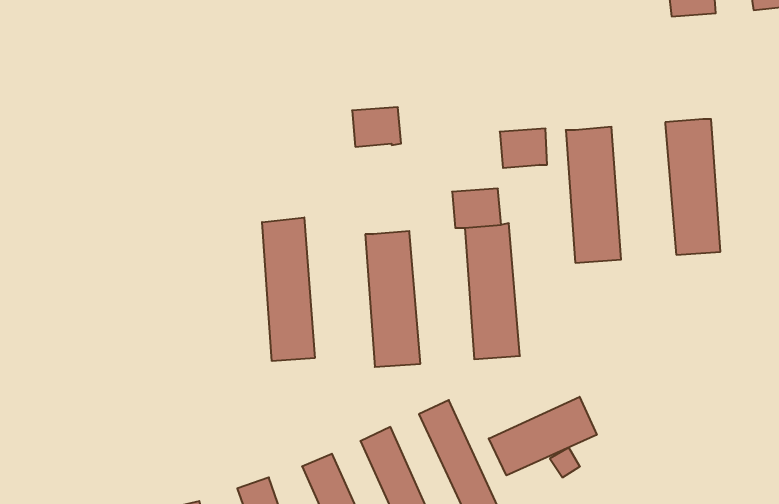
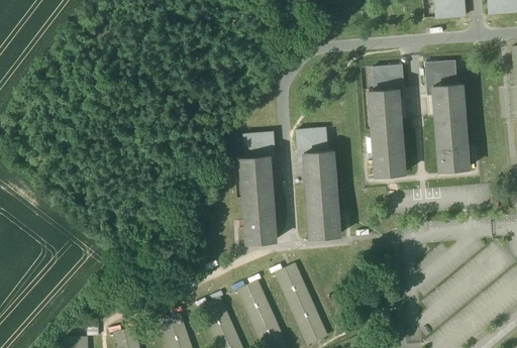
building: none -> [425,61,456,86]
building: [352,107,401,147] -> [243,131,275,156]
building: [500,129,547,168] -> [373,65,403,90]
building: [262,217,315,361] -> none
building: [489,397,597,475] -> none

